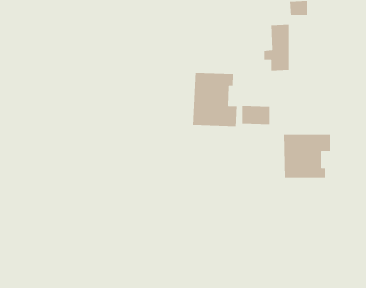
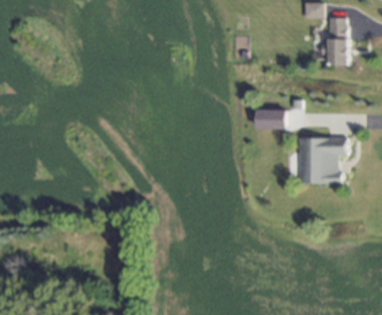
building: [264,24,289,71] -> [321,17,347,65]
building: [192,72,237,127] -> none

